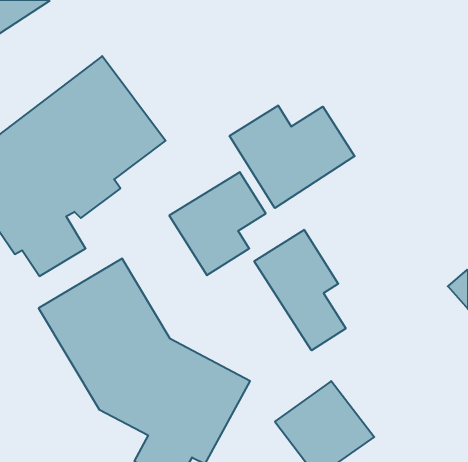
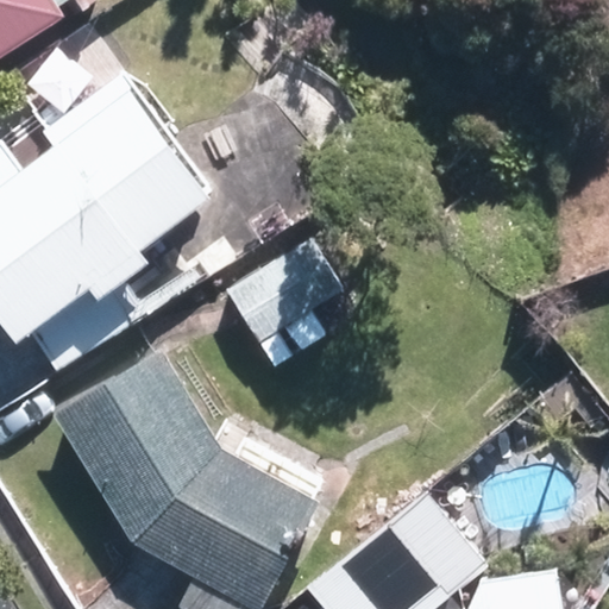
building: [230,105,355,208] -> none
building: [254,230,346,350] -> none

